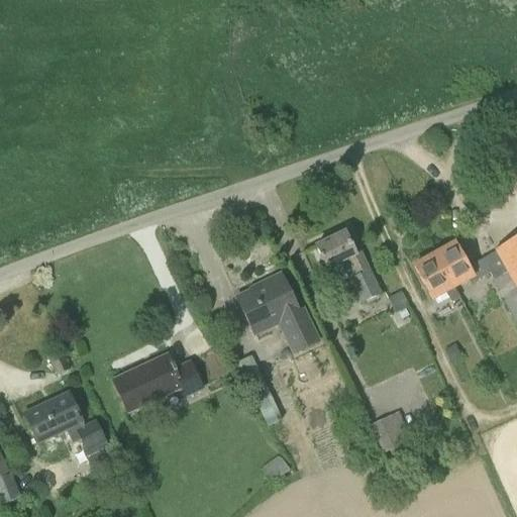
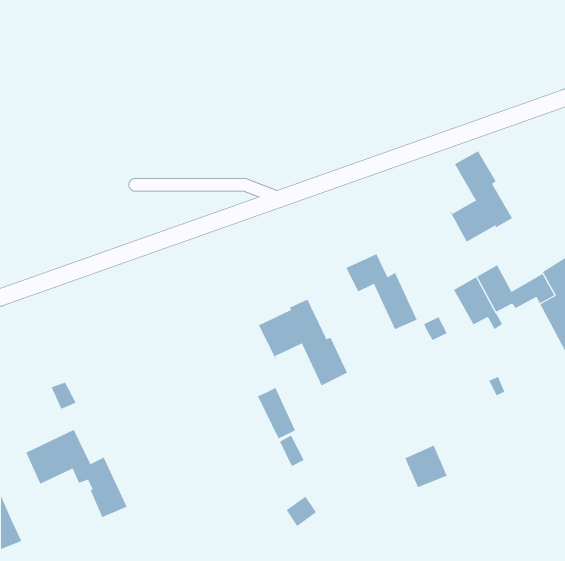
building: none -> [447,151,513,242]
building: [112,353,202,412] -> none

